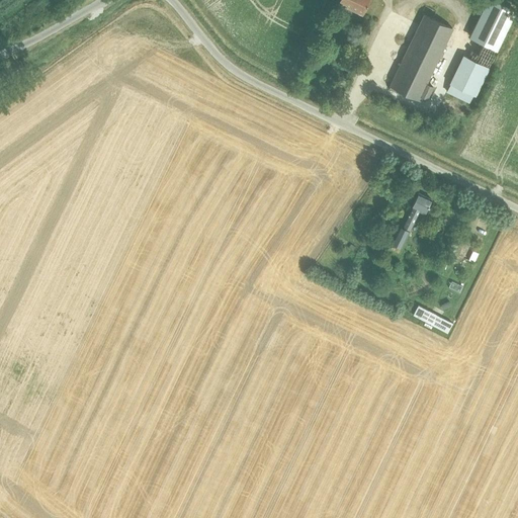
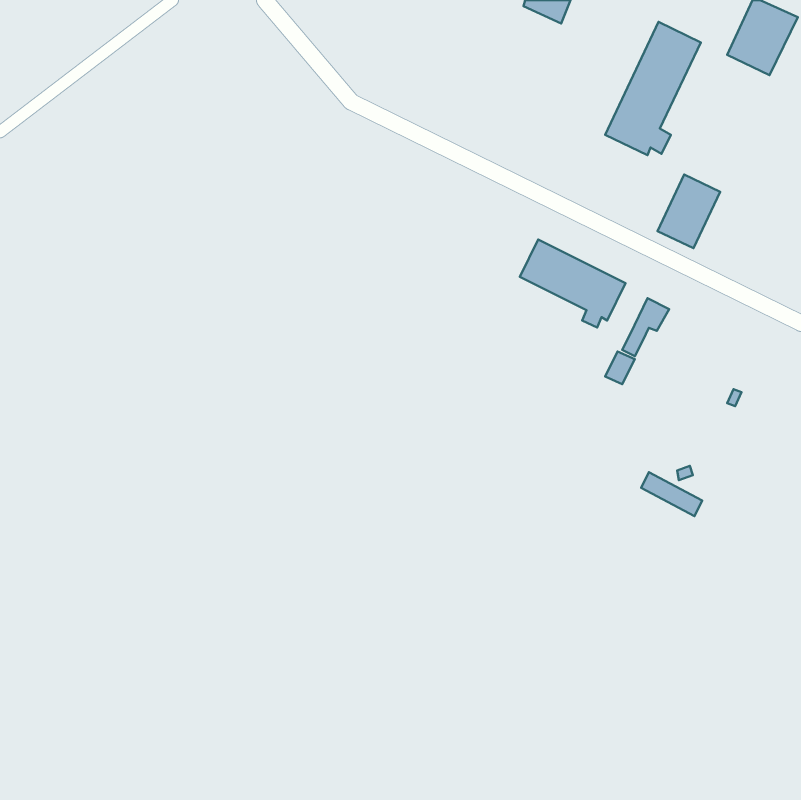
building: [446,56,487,103] -> [657,175,720,248]
building: none -> [520,240,625,328]

